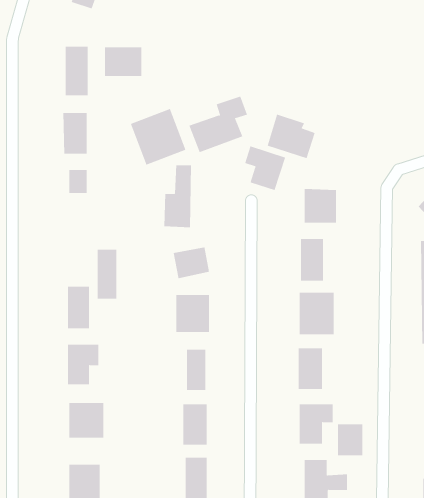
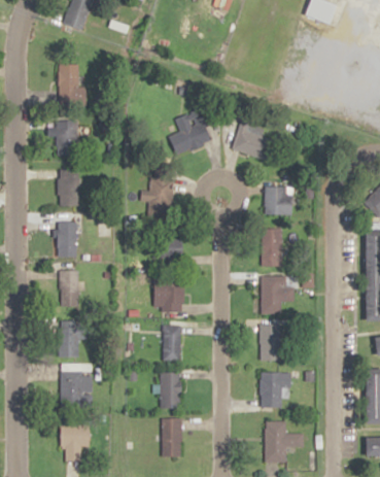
building: [104,47,142,77] -> none
building: [130,108,186,165] -> none
building: [244,146,286,191] -> none
building: [97,249,117,299] -> [60,214,77,258]
building: [338,423,363,456] -> none

